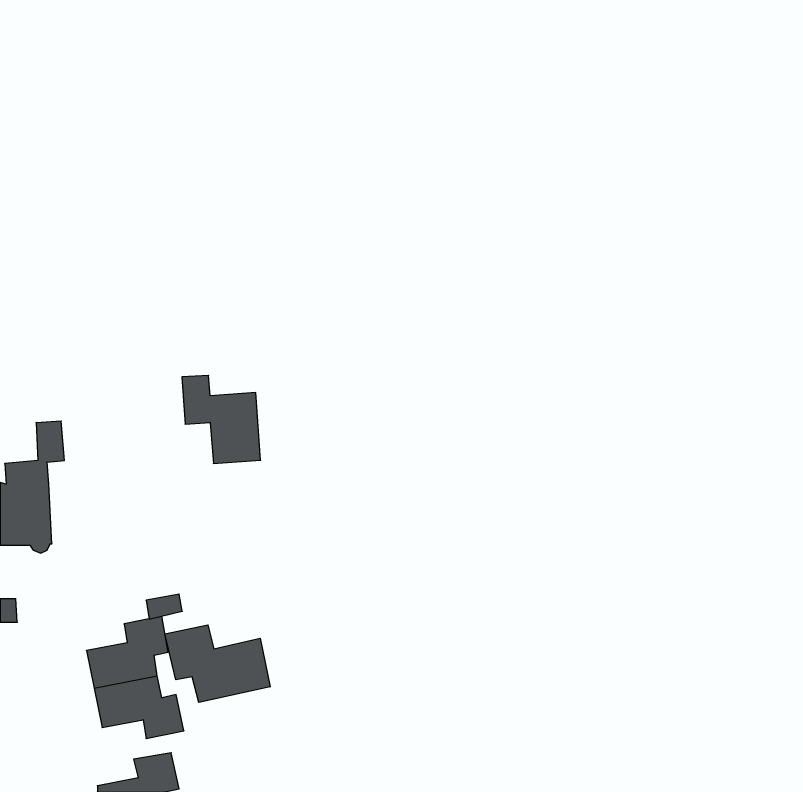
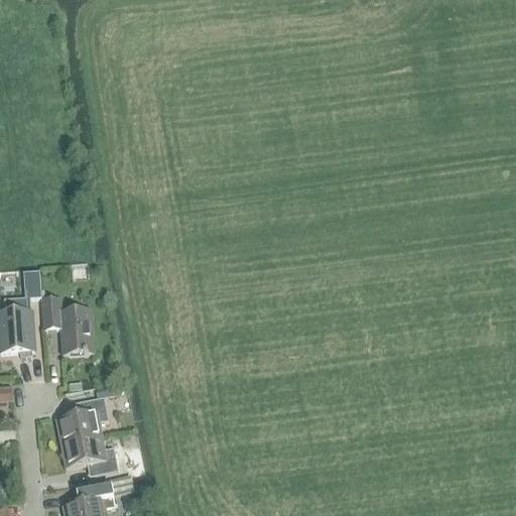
building: [182,375,261,463] -> [42,296,93,353]
building: [165,625,270,702] -> none

